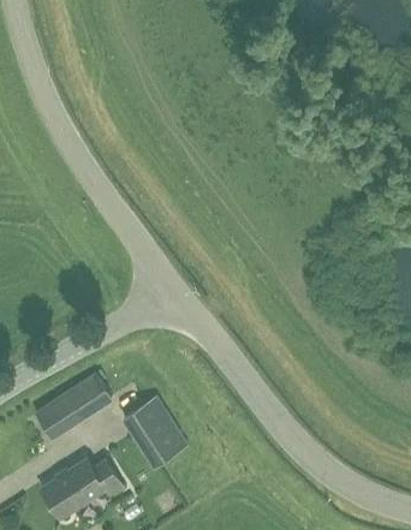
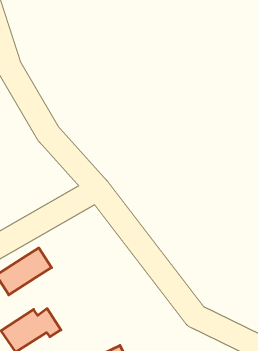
building: [121,397,189,468] -> none

